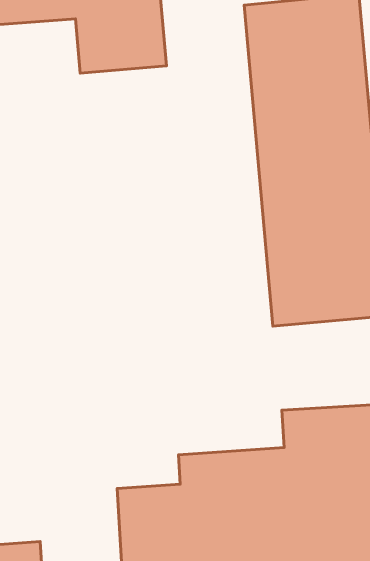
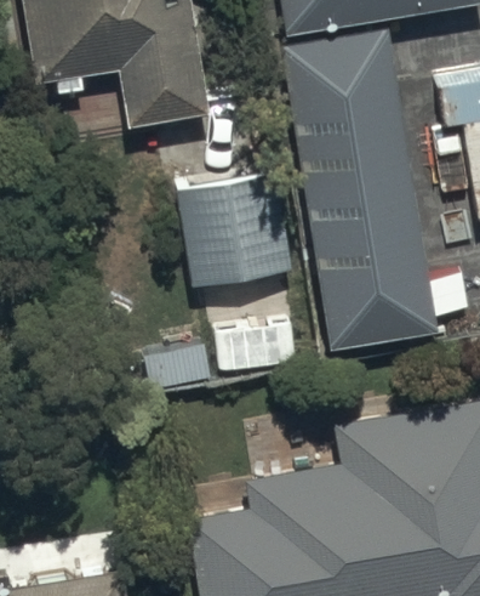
building: none -> [178,170,296,301]

